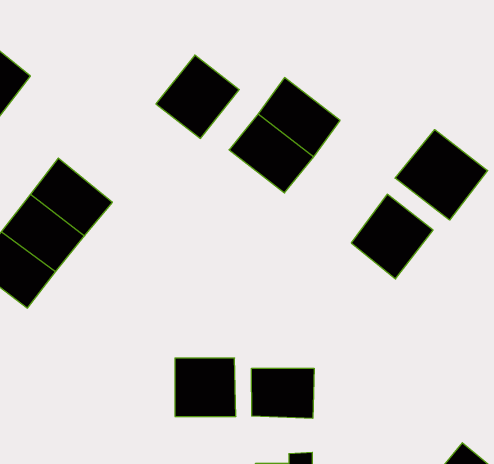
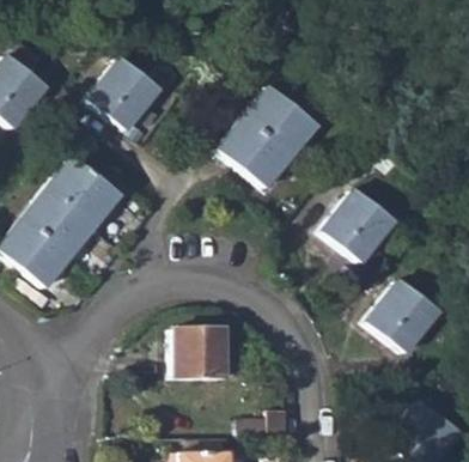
building: [156,55,239,138] -> [91,56,163,128]
building: [395,130,488,220] -> none
building: none -> [370,280,439,349]
building: [252,368,314,418] -> none

